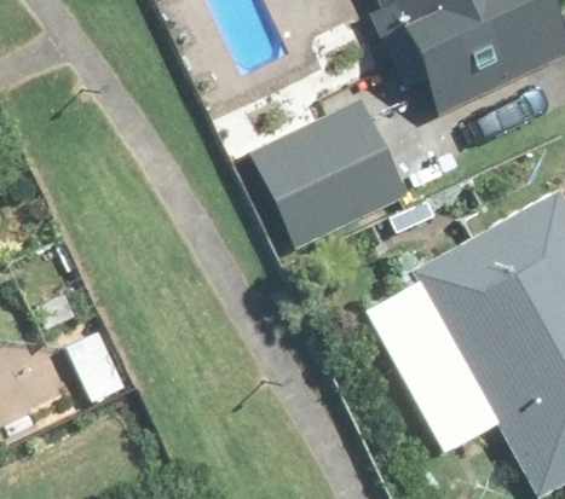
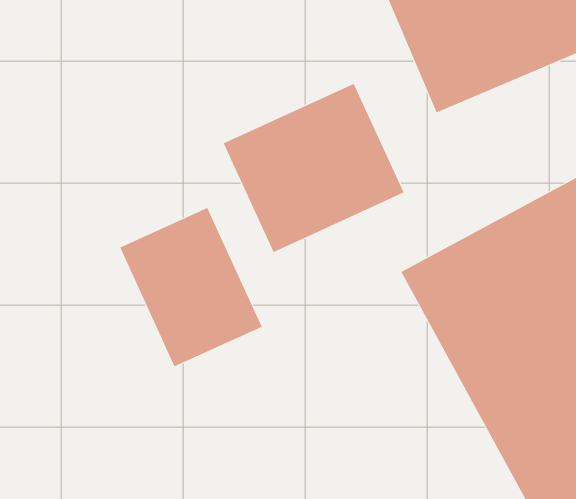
building: none -> [119,207,262,367]

